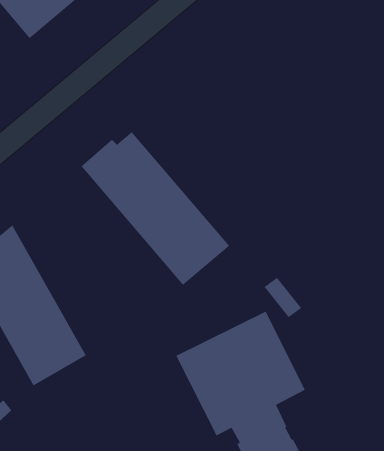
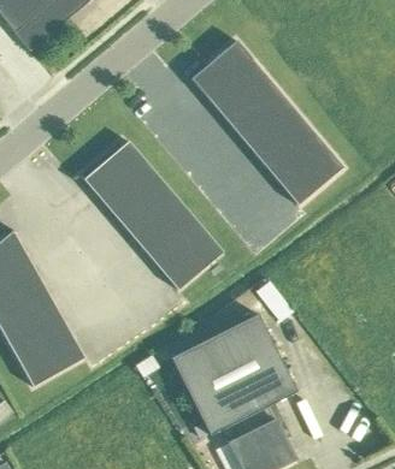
building: none -> [190,40,342,204]

